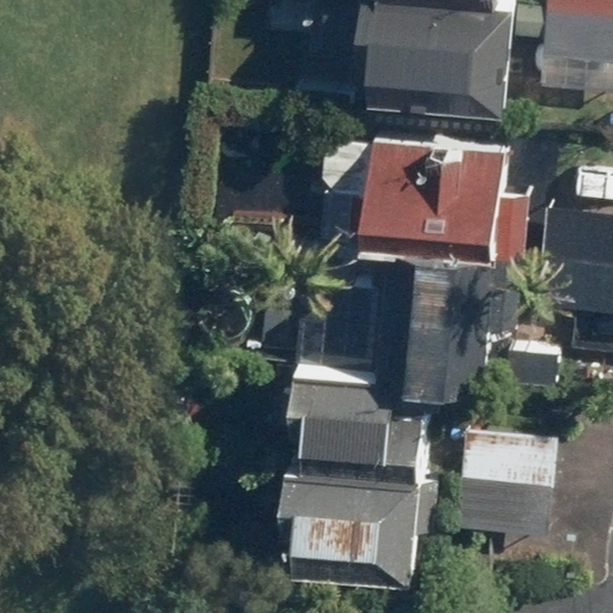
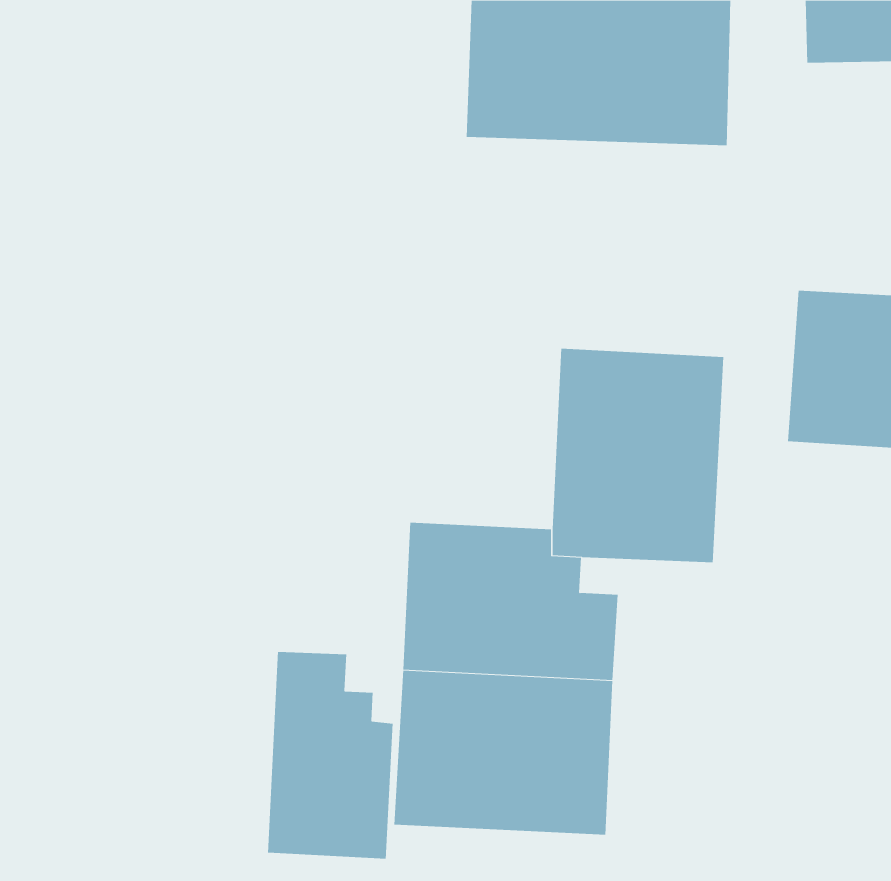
building: [364,145,503,255] -> none
building: [467,429,564,536] -> none
building: none -> [267,651,393,859]

